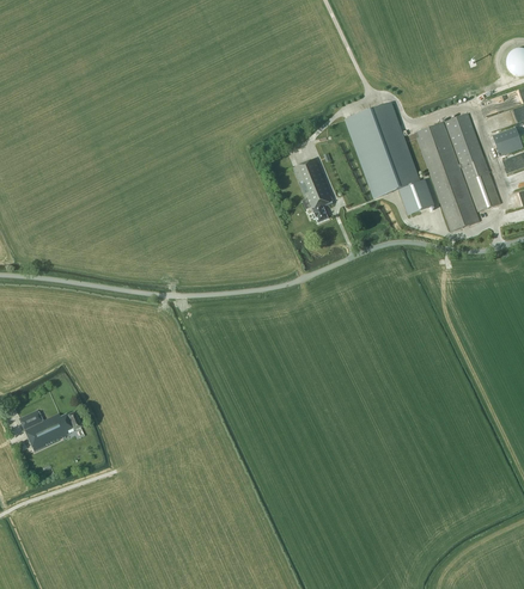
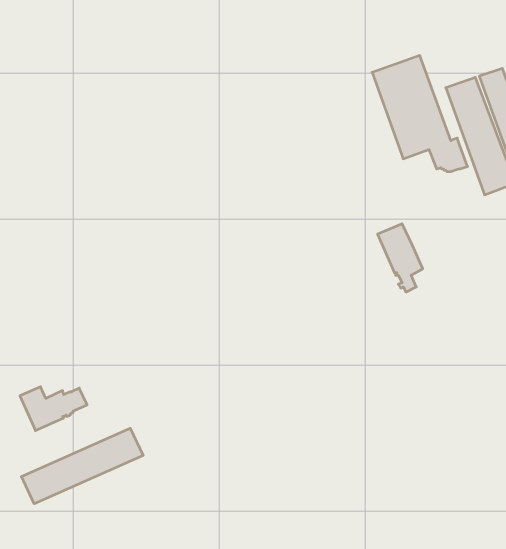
building: [293,159,335,222] -> [378,224,423,292]
building: none -> [21,428,143,504]

